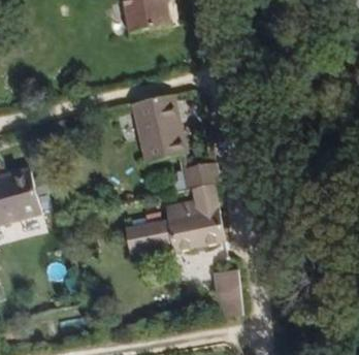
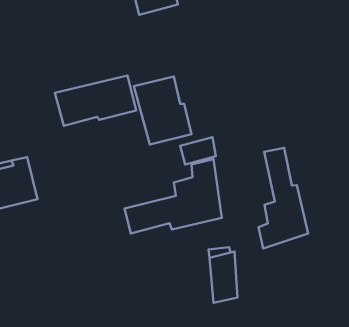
building: none -> [55,75,136,126]
building: none -> [259,148,308,249]

